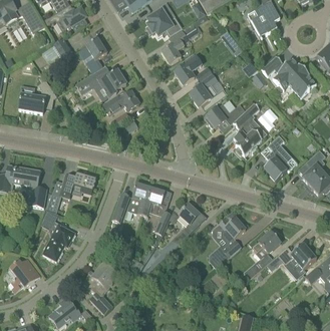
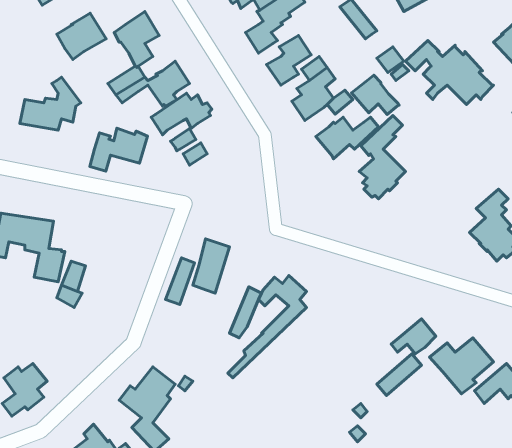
building: none -> [352,75,399,114]
building: [263,134,292,181] -> none
building: [59,171,95,198] -> [90,128,147,171]
building: [141,186,171,217] -> none
building: [209,211,245,268] -> none
building: [41,224,74,260] -> none

